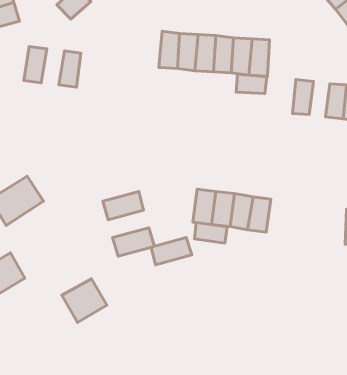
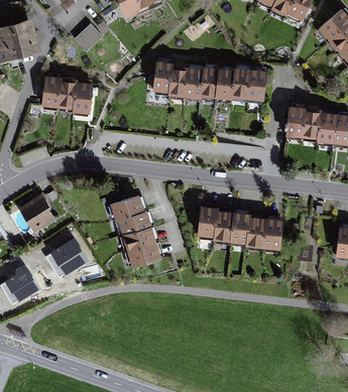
building: none -> [149,61,168,96]
building: none -> [57,79,79,112]
building: [236,74,267,94] -> none
building: none -> [304,109,323,141]
building: none -> [109,192,147,219]
building: none -> [264,217,285,249]
building: [194,223,227,243] -> none
building: [151,237,192,265] -> [119,227,156,252]
building: [62,279,107,323] -> [47,237,89,277]

